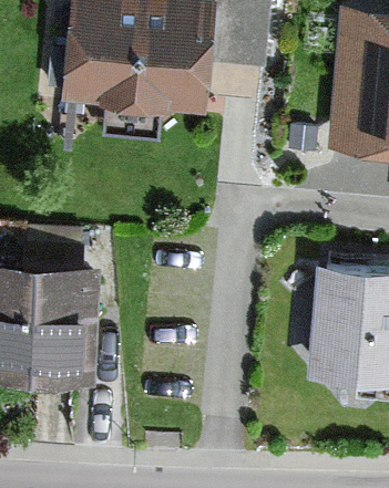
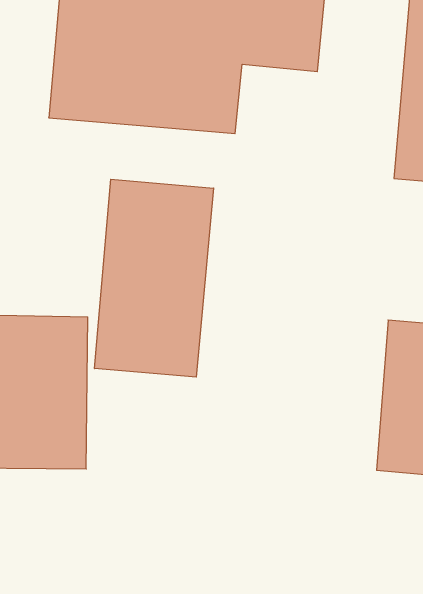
building: none -> [95,179,214,377]

